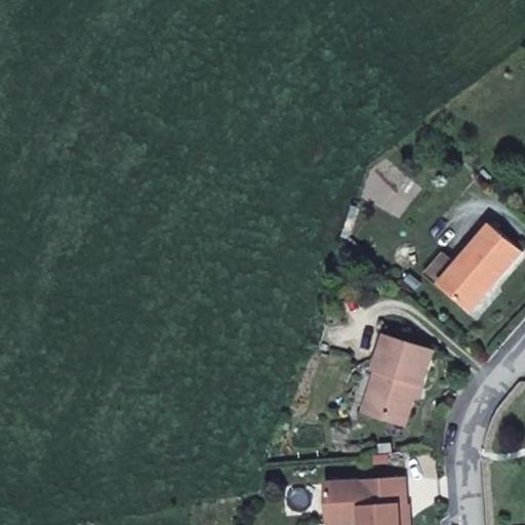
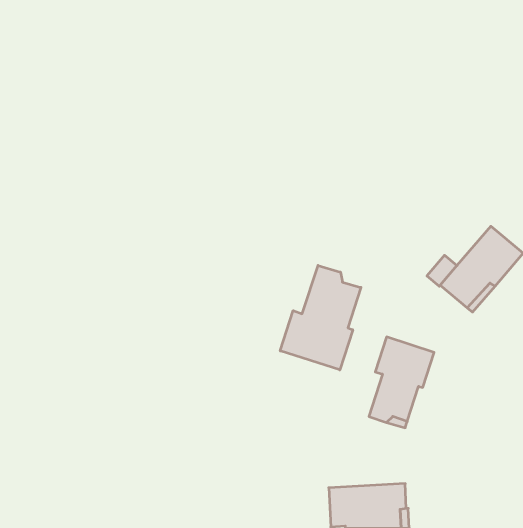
building: none -> [280,265,361,370]

